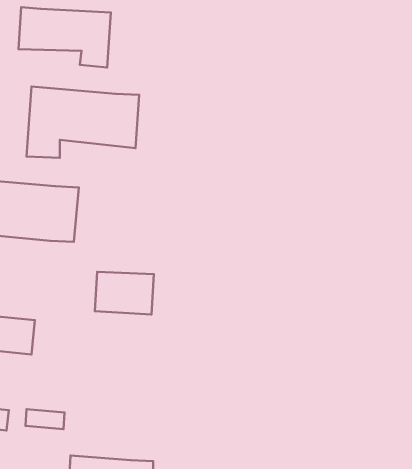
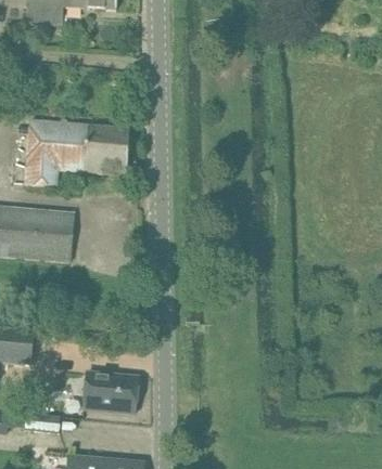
building: [18,7,111,68] -> none
building: [95,272,154,315] -> [84,373,138,412]

